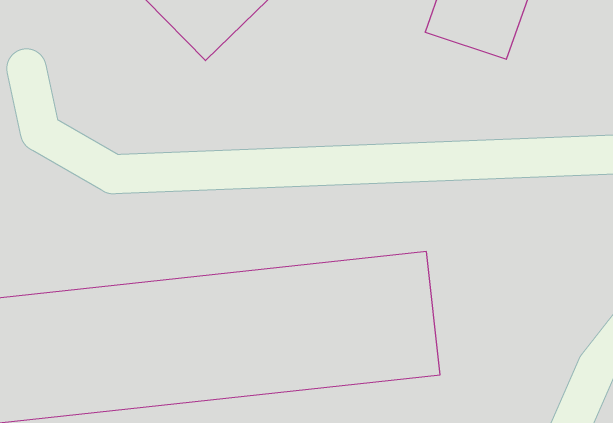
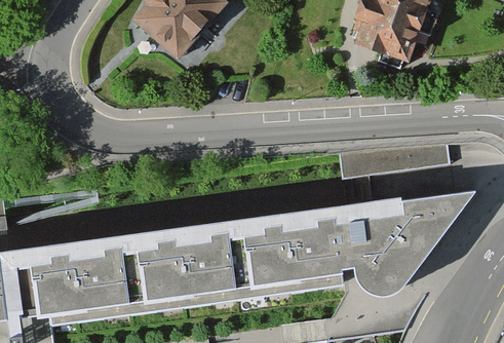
building: none -> [348,188,471,302]

